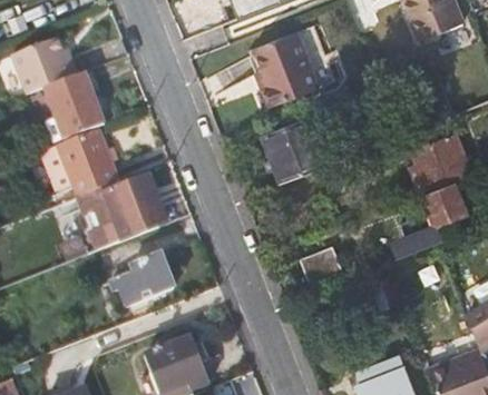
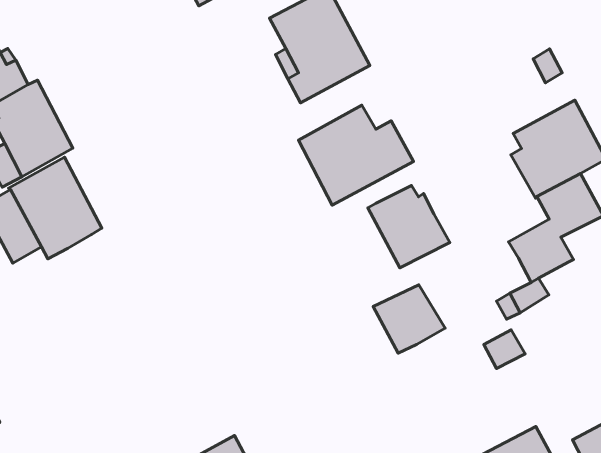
building: [92,175,167,237] -> none
building: none -> [368,185,450,268]
building: [108,254,175,310] -> none

